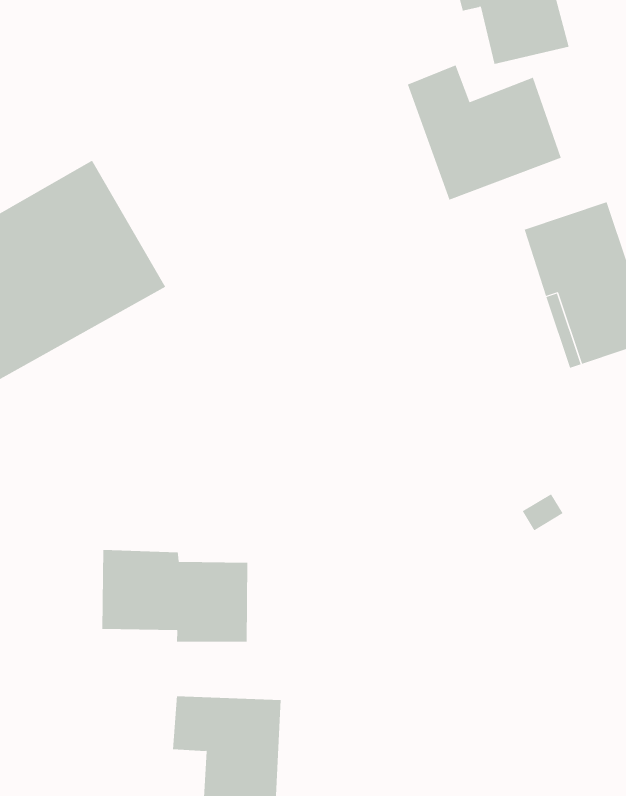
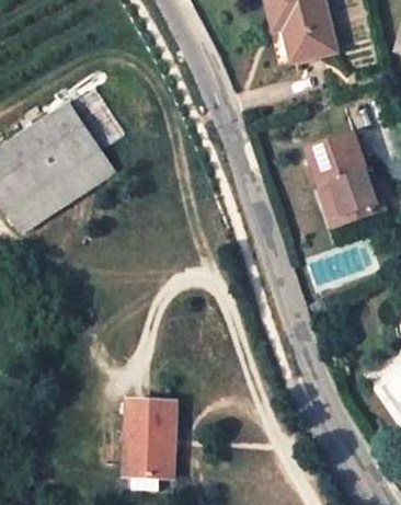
building: [407,64,562,200] -> none
building: [102,549,248,643] -> none

